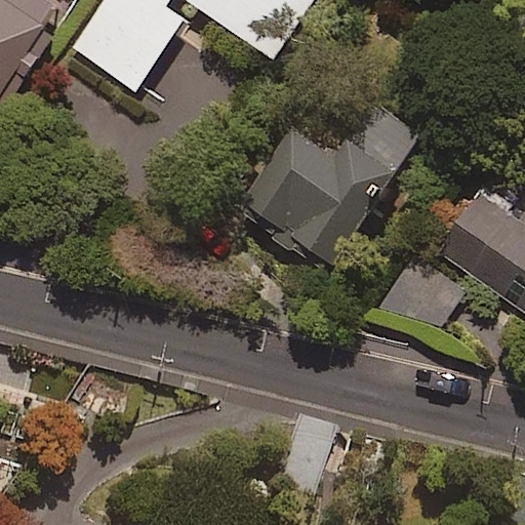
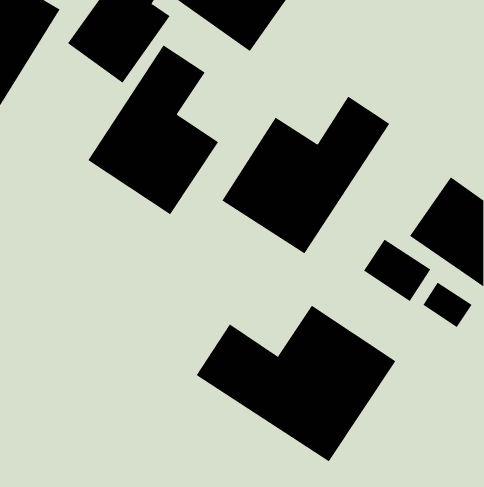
building: none -> [88,45,219,215]
building: none -> [196,305,396,462]

